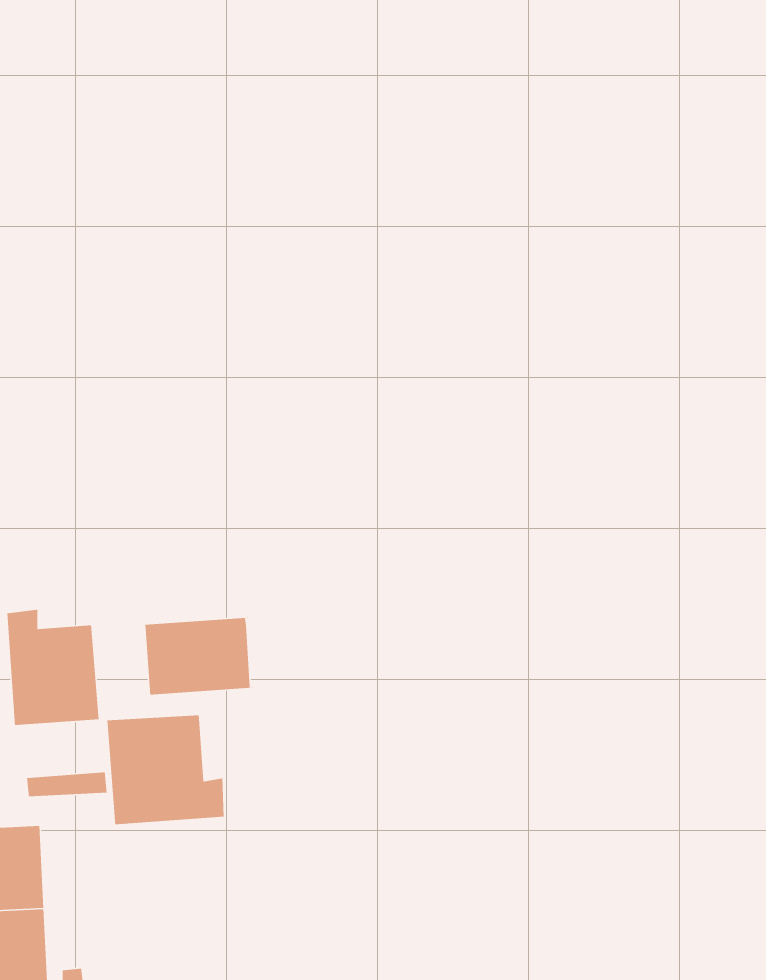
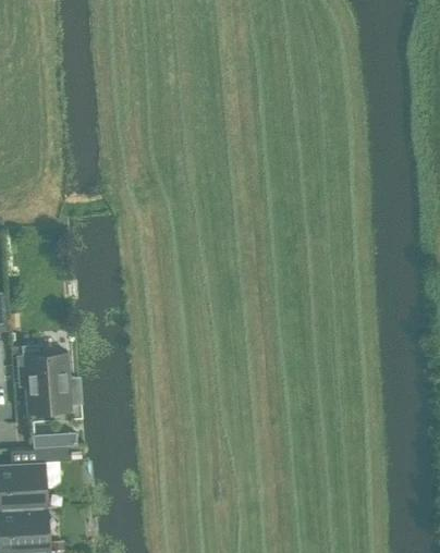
building: [144,617,253,695] -> none
building: [107,715,225,825] -> none

